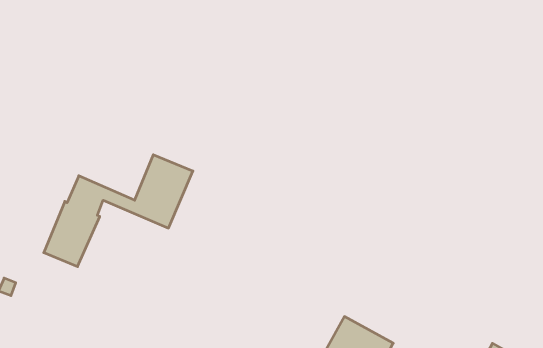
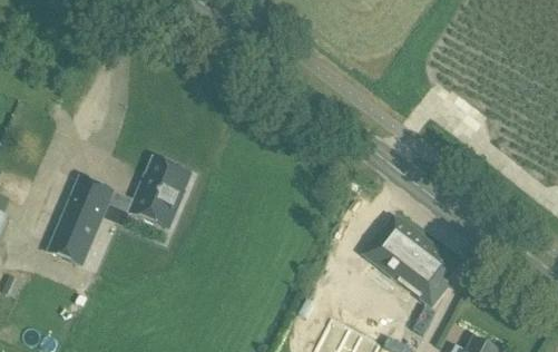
building: none -> [365,216,459,304]

